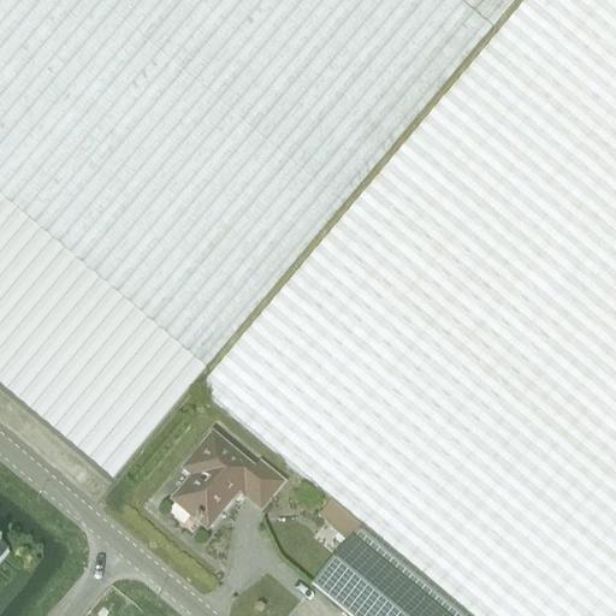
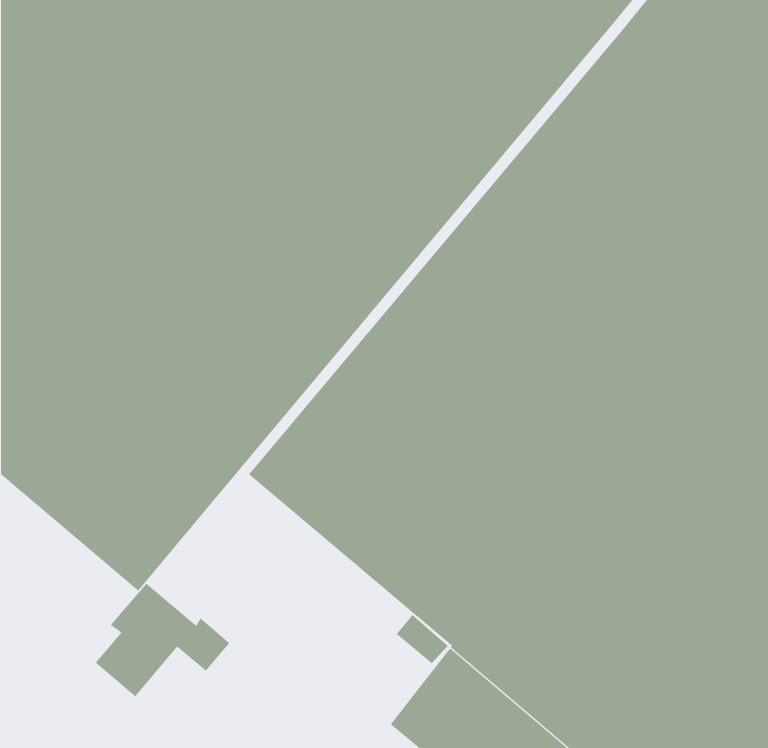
building: [173,433,282,525] -> [95,583,230,697]

